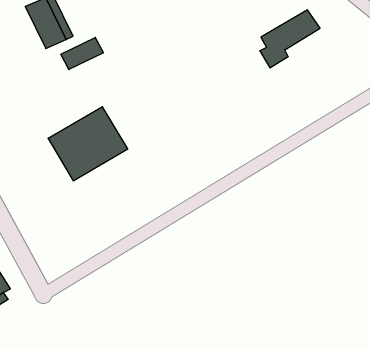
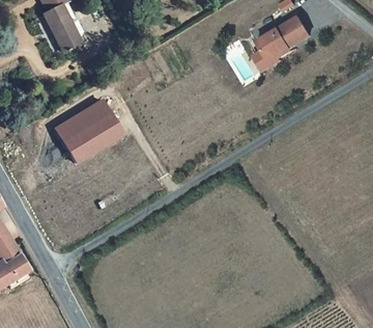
building: [61,37,103,70] -> none

